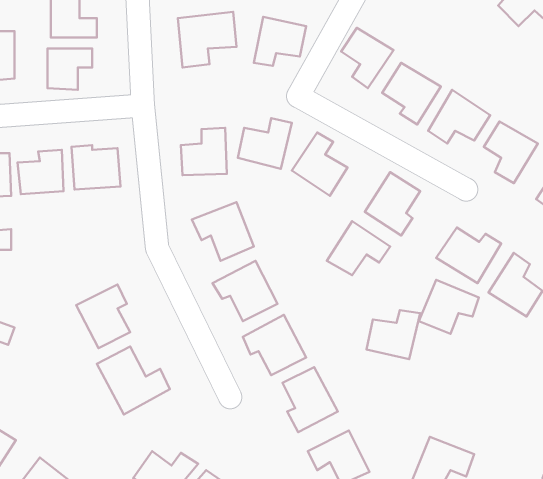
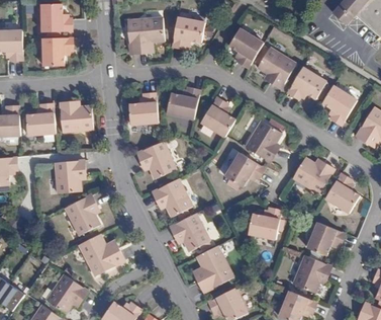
building: none -> [59,160,89,189]
building: [419,280,479,334] -> [305,221,344,255]
building: none -> [292,253,330,291]
building: none -> [42,270,84,309]

